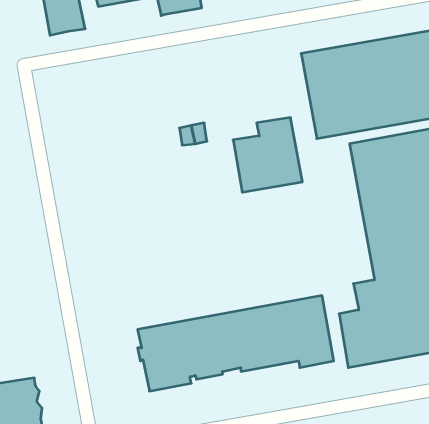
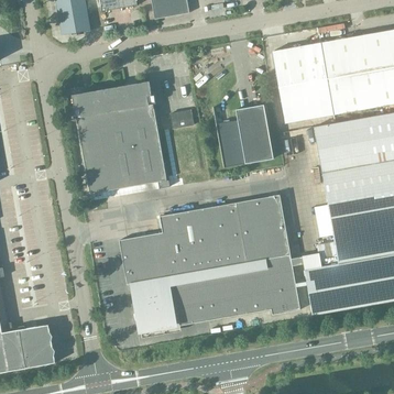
building: none -> [73,81,167,194]
building: none -> [119,195,291,284]

